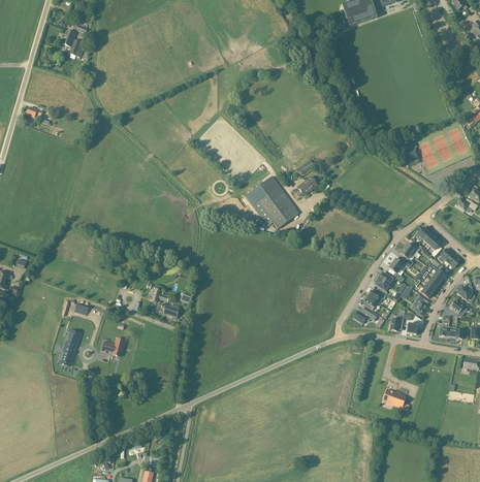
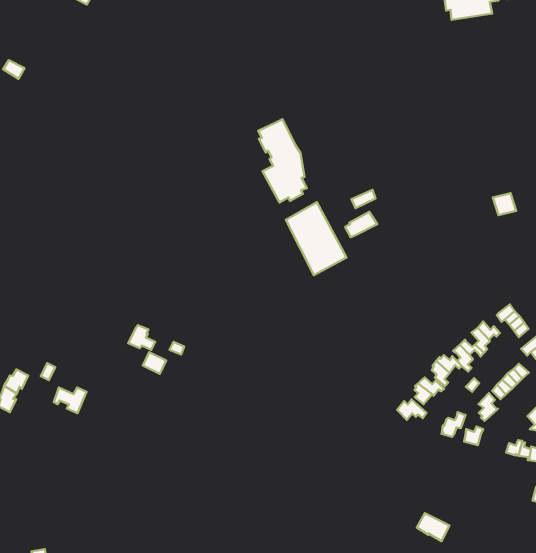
building: none -> [258,119,307,203]

